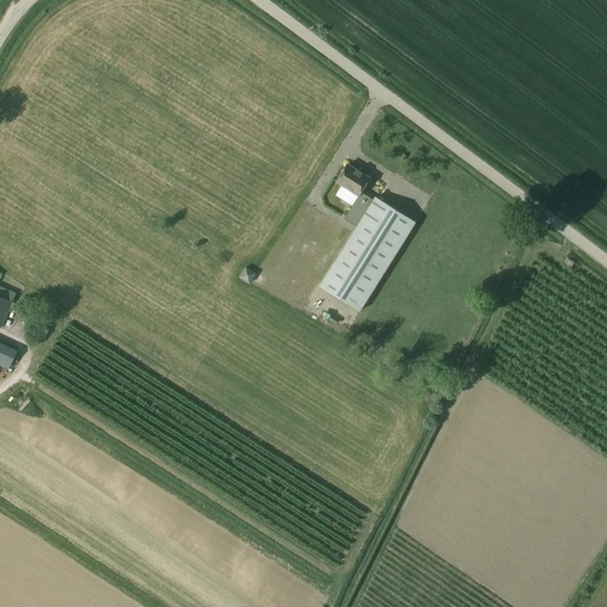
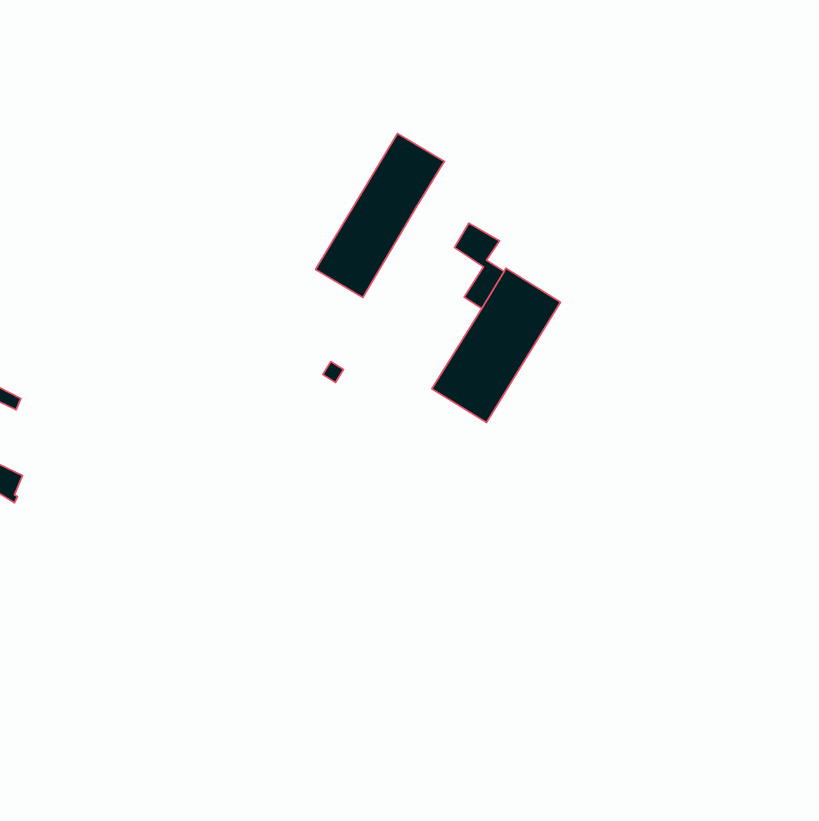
building: none -> [316,133,444,298]

